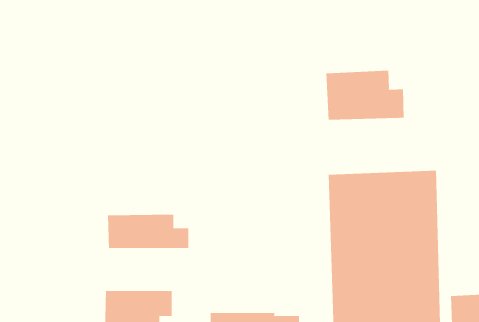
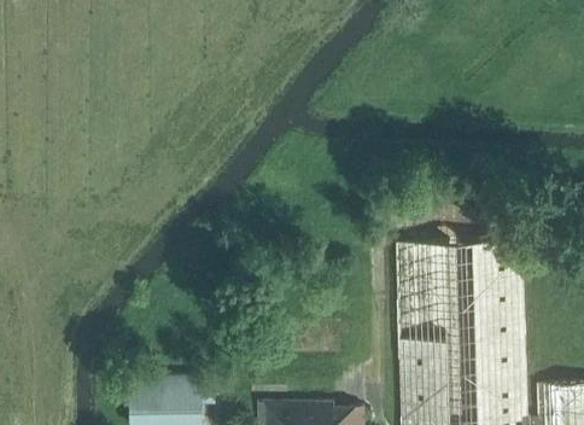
building: [326,70,404,121] -> none
building: [107,214,189,249] -> none

